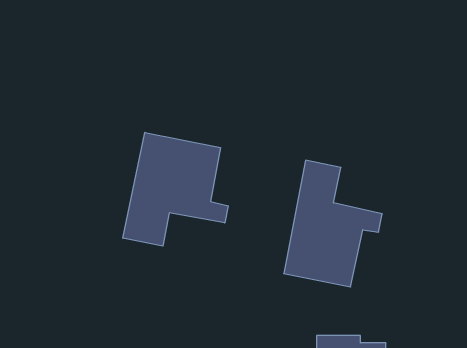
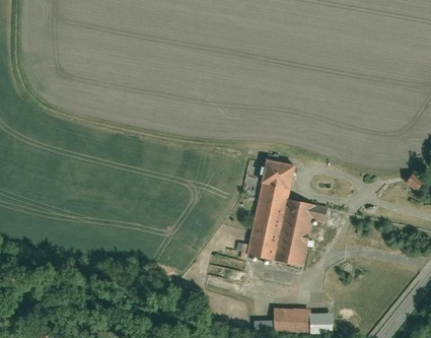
building: [123,132,228,246] -> none

